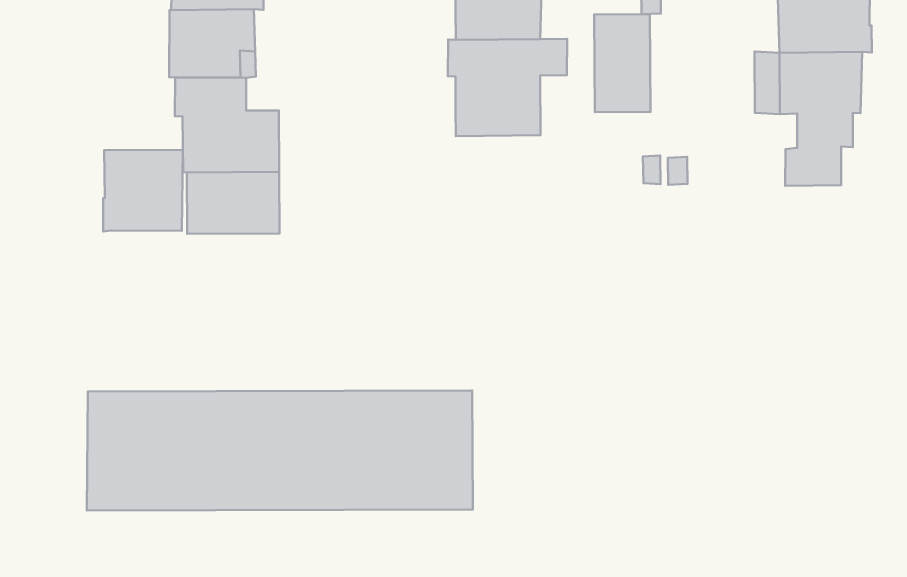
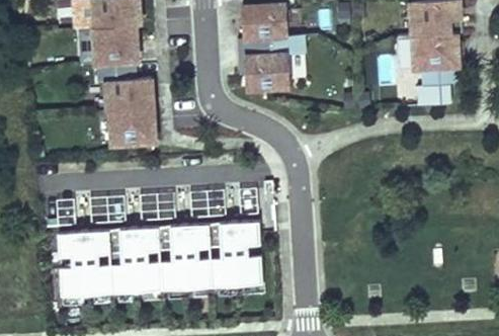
building: [594,14,651,112] -> none
building: [103,150,183,231] -> none

